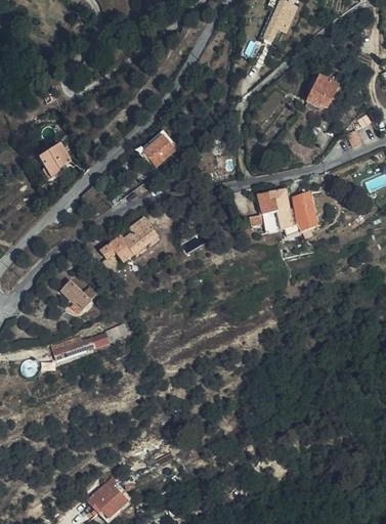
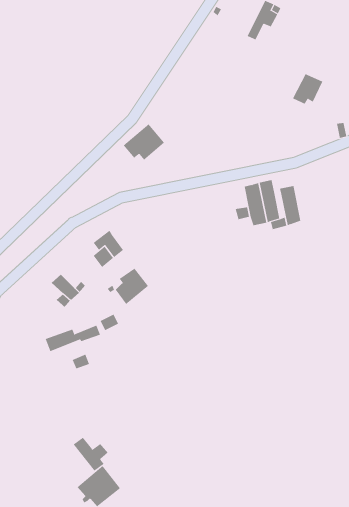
building: [36,136,69,175] -> none
building: [124,219,159,257] -> [115,268,149,305]
building: none -> [73,437,109,471]

